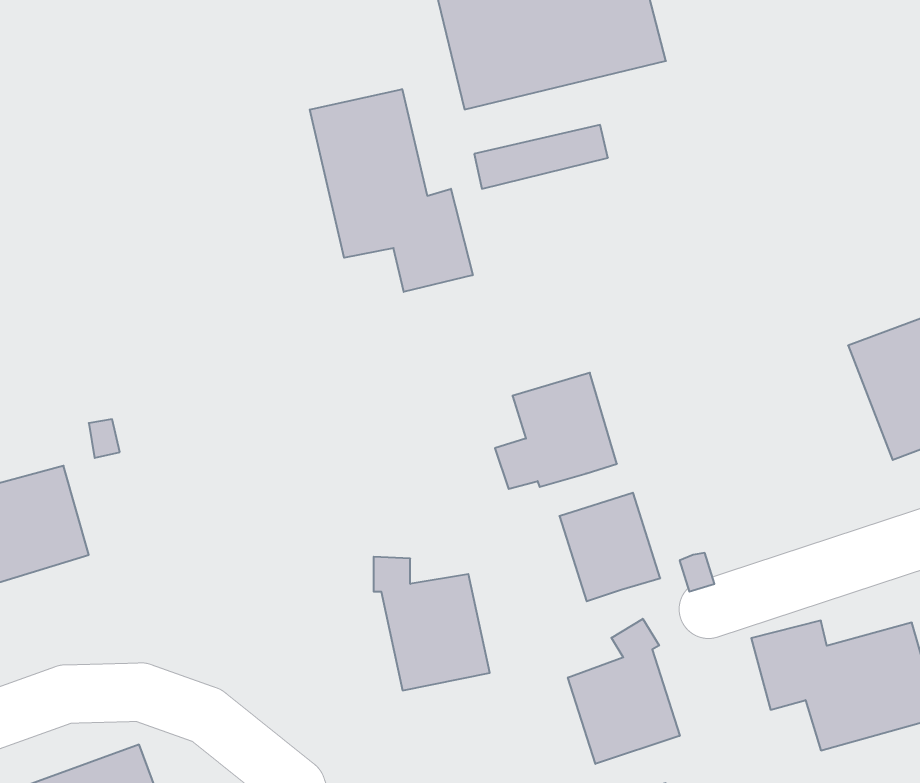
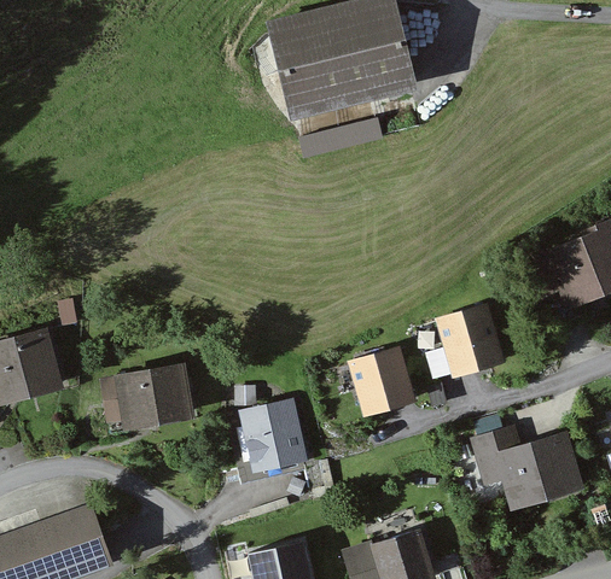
building: [310,89,473,292] -> none
building: [495,373,617,489] -> [425,306,501,379]
building: none -> [101,368,192,435]
building: [568,619,680,764] -> none

